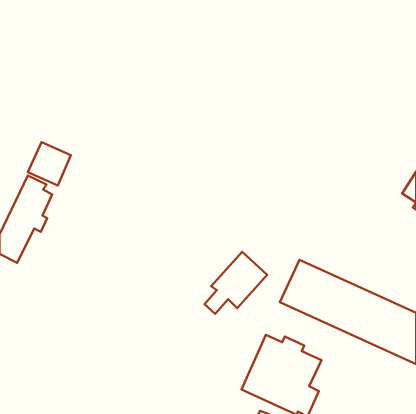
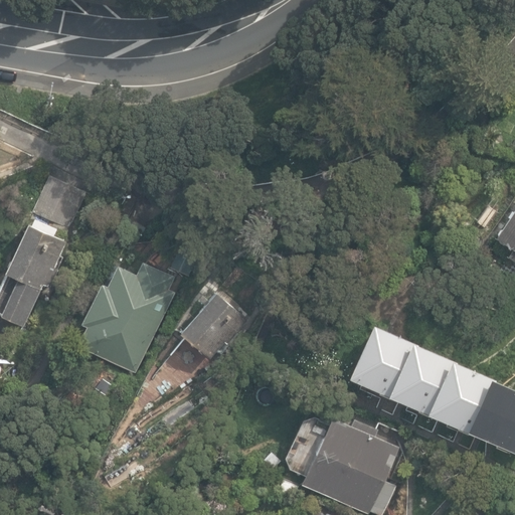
building: none -> [77,265,175,375]
building: [205,252,267,314] -> [170,293,247,369]

